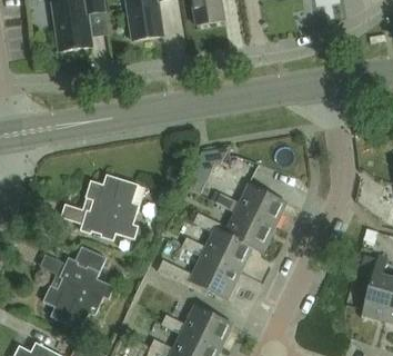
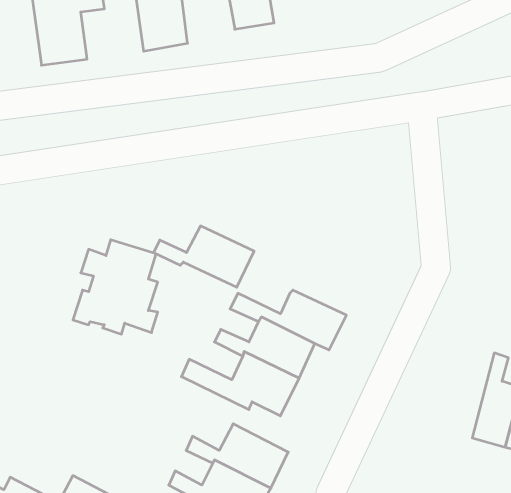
building: [214,184,285,227] -> [153,226,254,287]
building: [43,246,115,329] -> none

